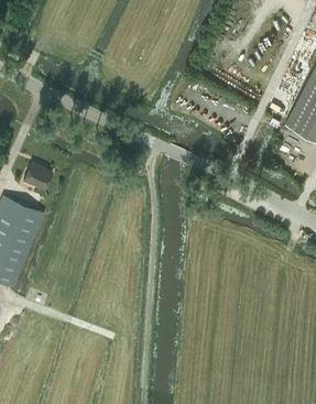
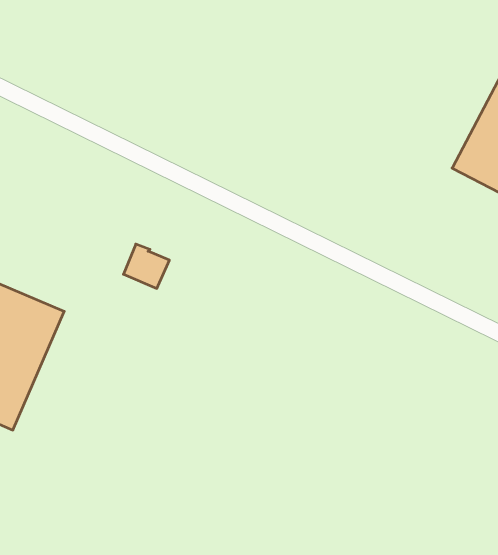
building: [23,164,52,192] -> [123,244,169,288]

